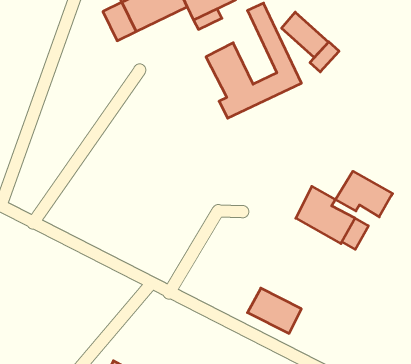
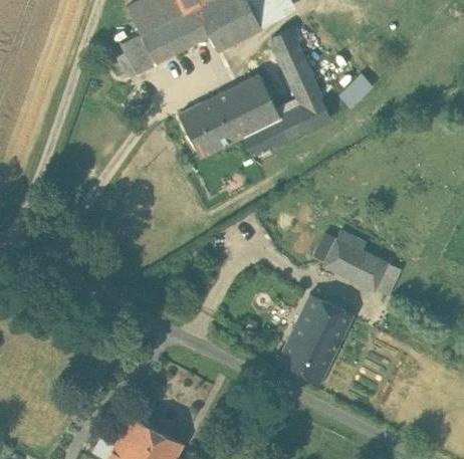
building: [282,12,328,58] -> none
building: none -> [180,90,251,158]
building: [335,171,393,217] -> none
building: none -> [287,294,352,359]

